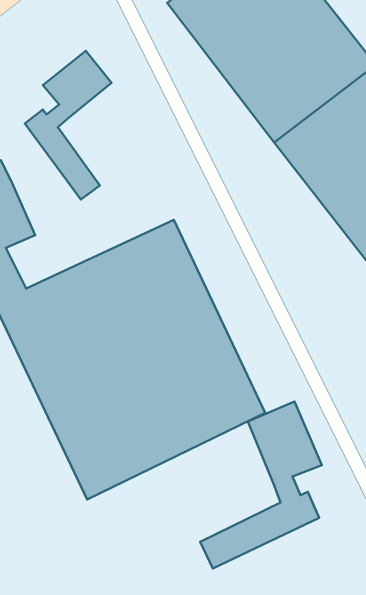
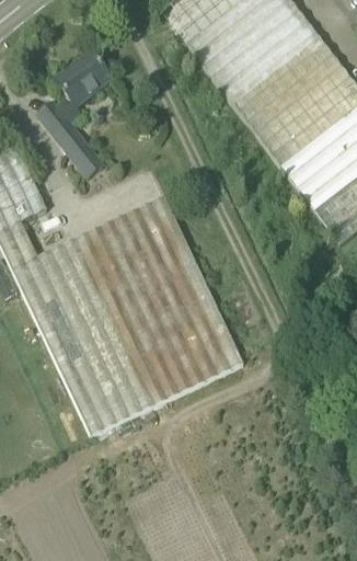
building: [200,402,322,569] -> none

